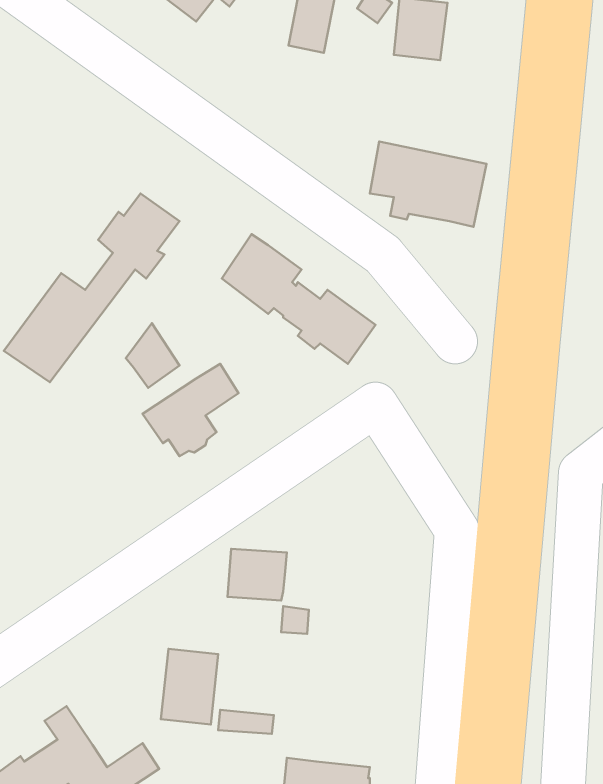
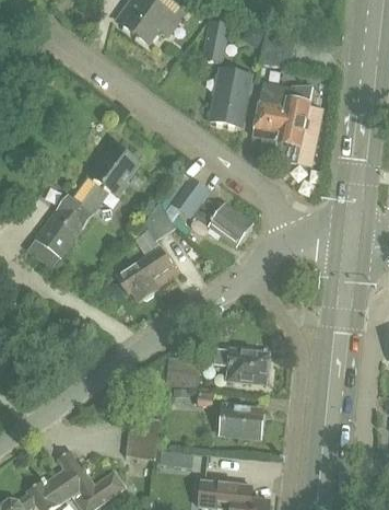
building: none -> [210,68,250,126]
building: none -> [255,82,322,128]
building: [126,323,180,388] -> [143,201,175,240]
building: none -> [215,348,268,383]
building: none -> [220,402,262,438]

